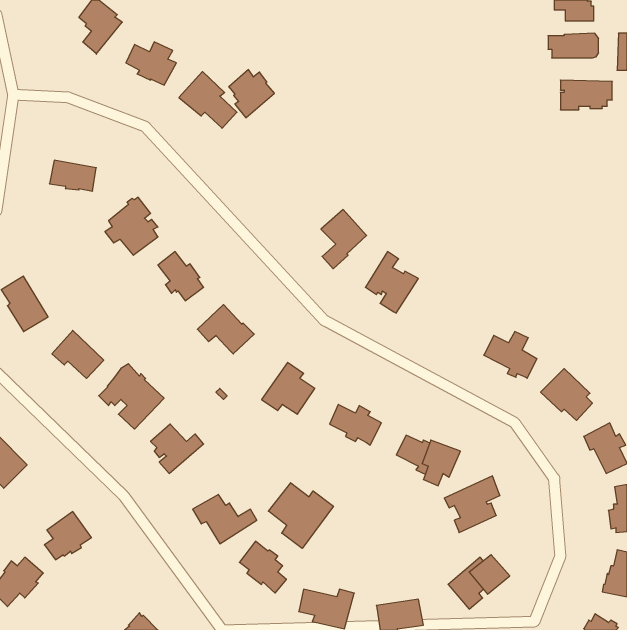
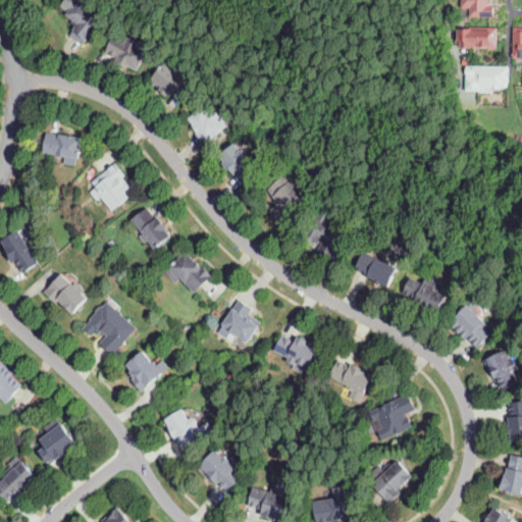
building: [229,70,274,118] -> [188,105,225,145]
building: none -> [218,142,257,186]
building: none -> [352,252,395,288]
building: [268,483,333,548] -> none

